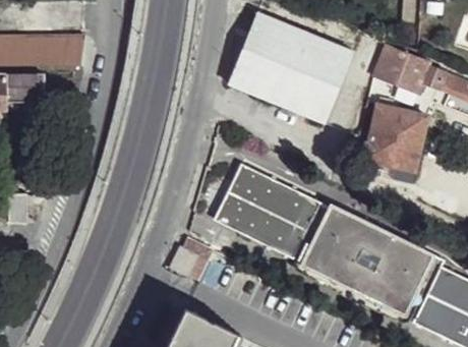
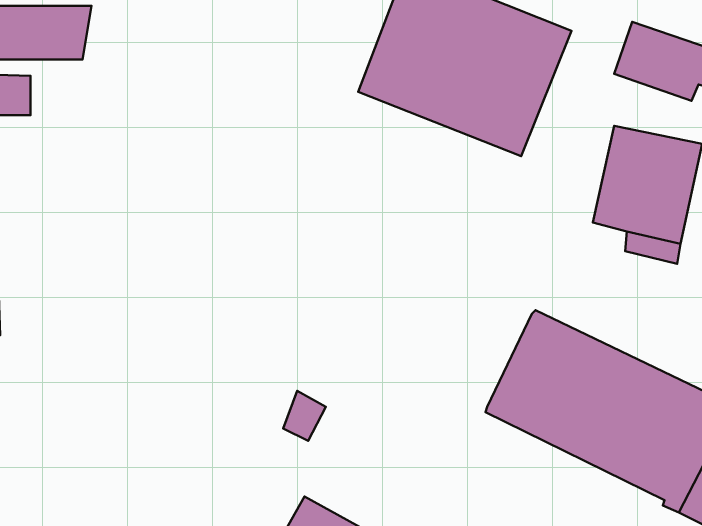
building: [214,166,331,264] -> none

